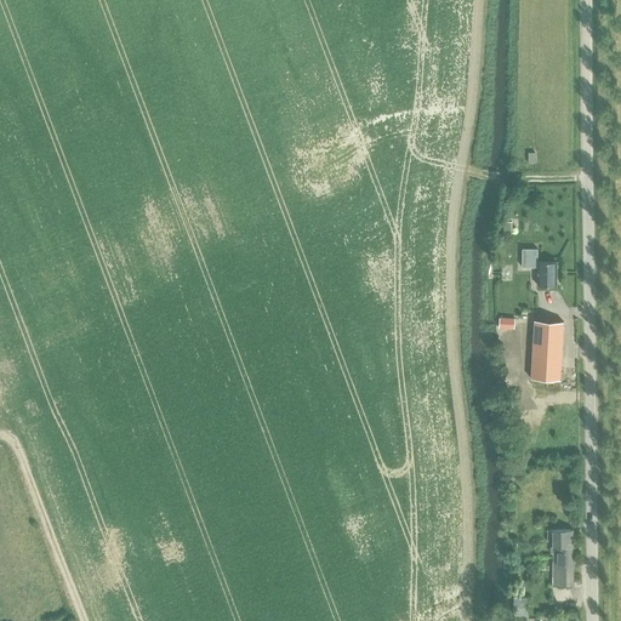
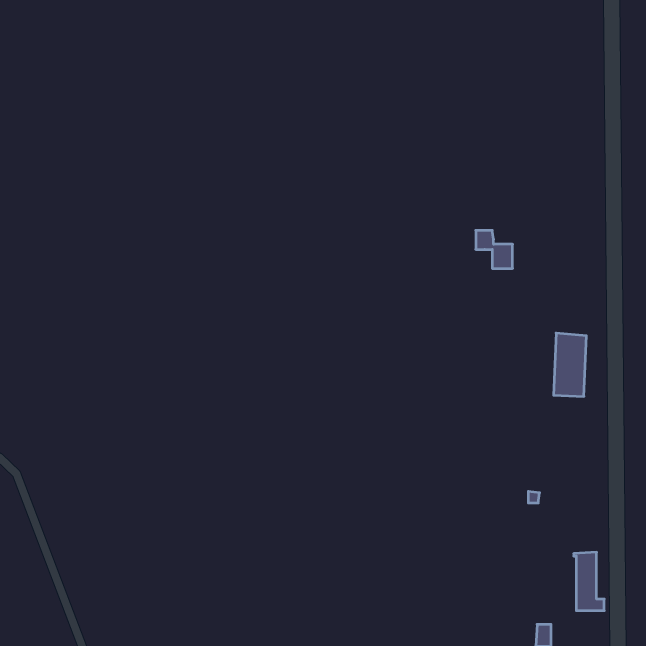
building: [520,250,556,286] -> [476,230,513,268]

